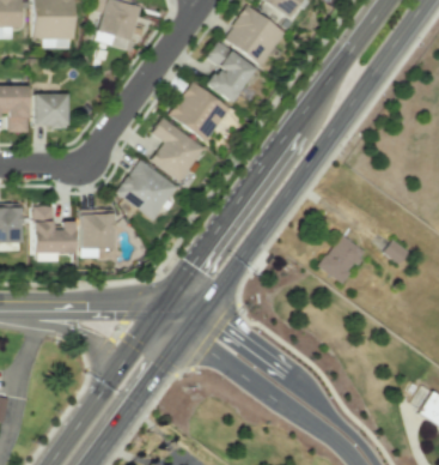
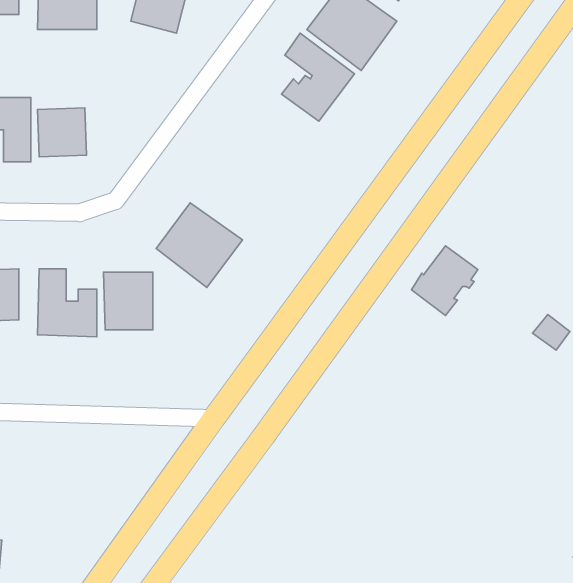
building: [170,81,231,143] -> none
building: [152,117,206,182] -> none
building: [318,235,365,284] -> [412,246,478,315]

